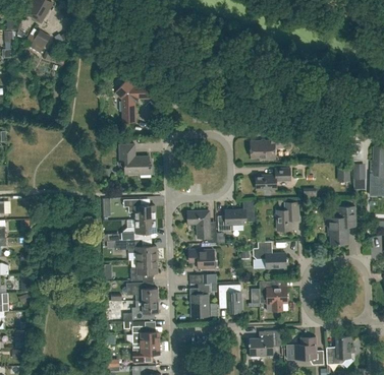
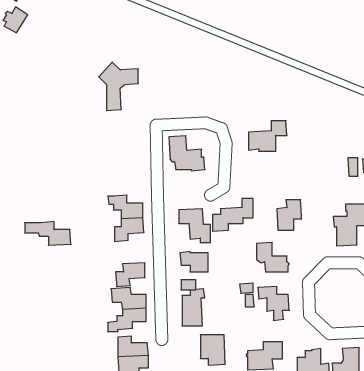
building: [119,144,152,176] -> [169,136,205,171]
building: [256,169,291,190] -> none
building: [115,240,157,261] -> [25,222,71,245]
building: [219,286,241,313] -> [200,335,225,365]

